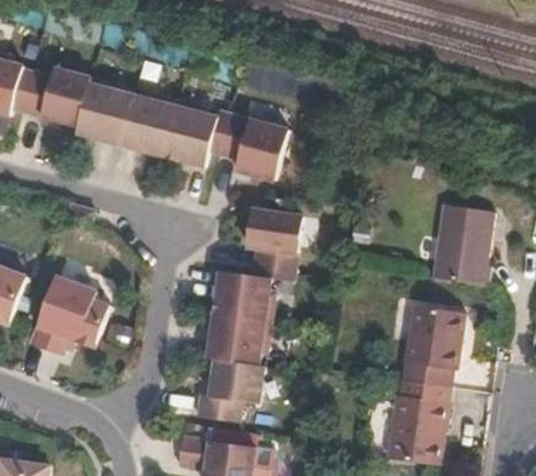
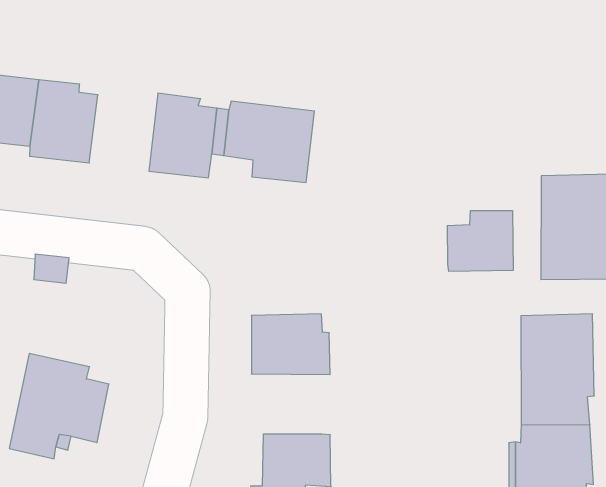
building: [116,93,173,156] -> none
building: [246,210,299,275] -> none
building: none -> [447,211,513,271]
building: [206,314,269,365] -> none

